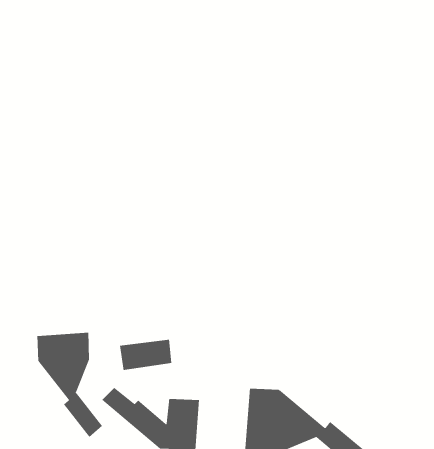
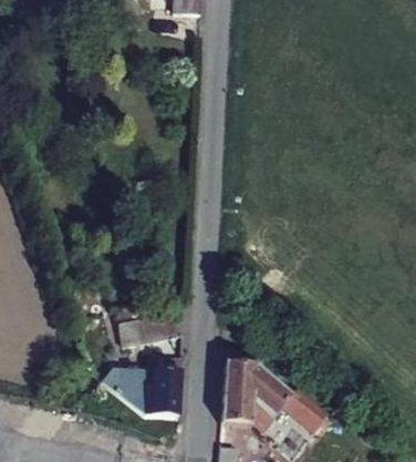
building: [37,332,103,438] -> none

